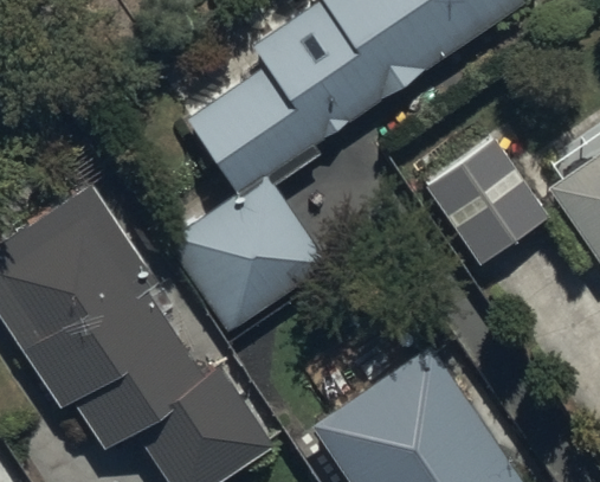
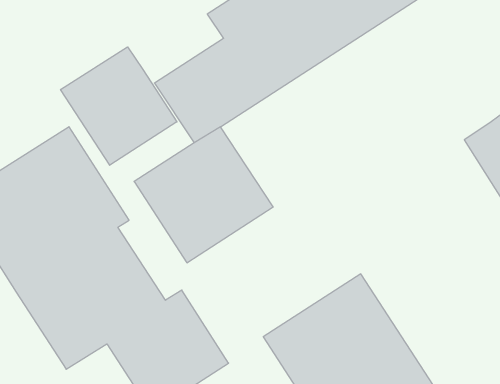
building: none -> [61,47,177,165]
building: [420,134,548,268] -> none

